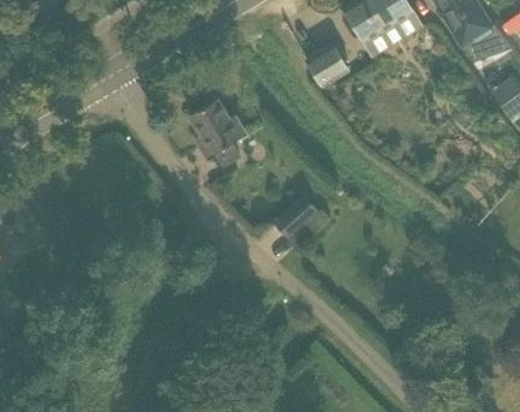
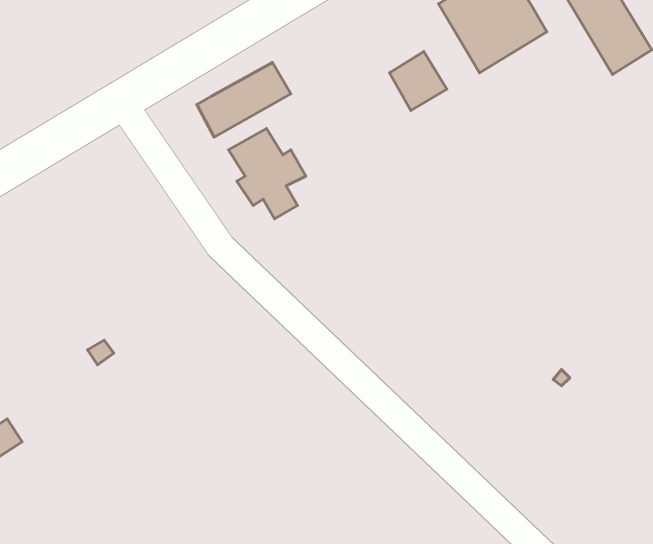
building: none -> [197,62,291,137]
building: [274,196,327,249] -> none

